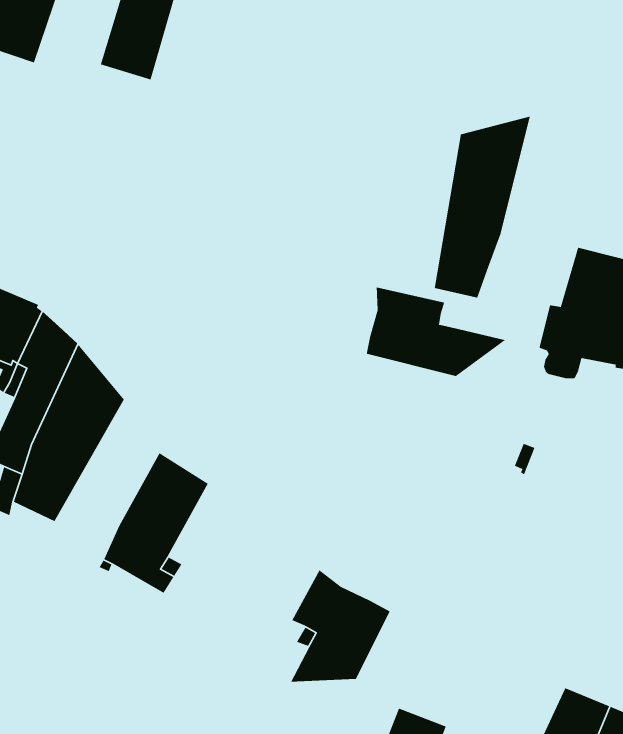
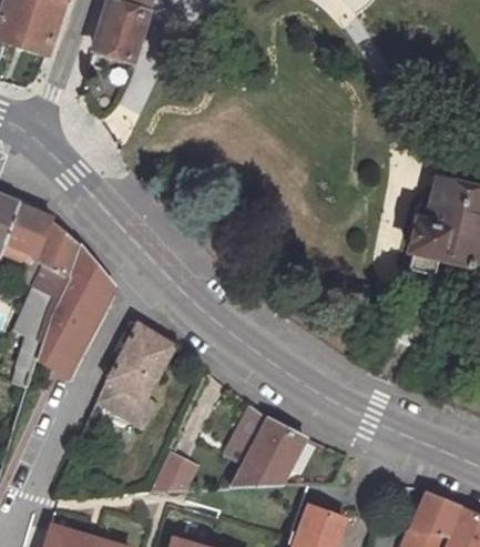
building: [434,116,531,299] -> none
building: [366,286,507,377] -> none
building: none -> [150,453,196,493]

